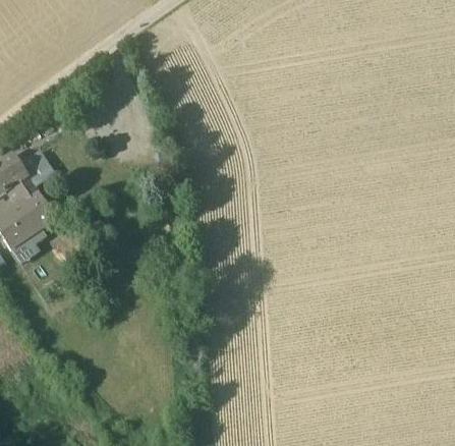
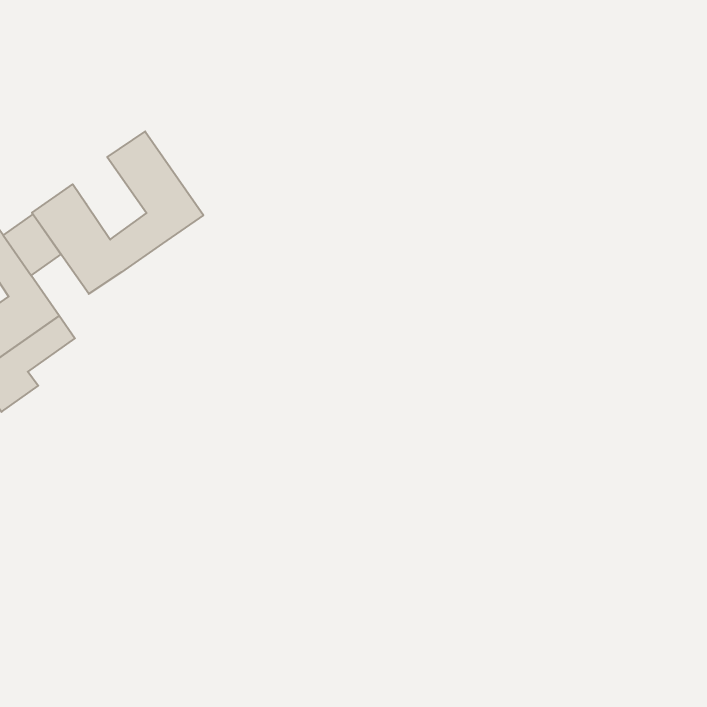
building: none -> [32,131,203,294]

